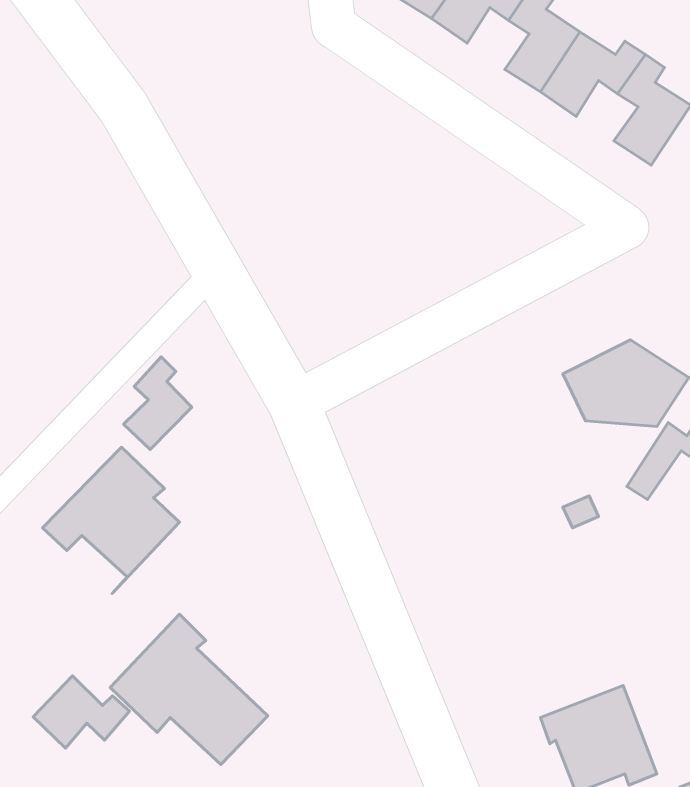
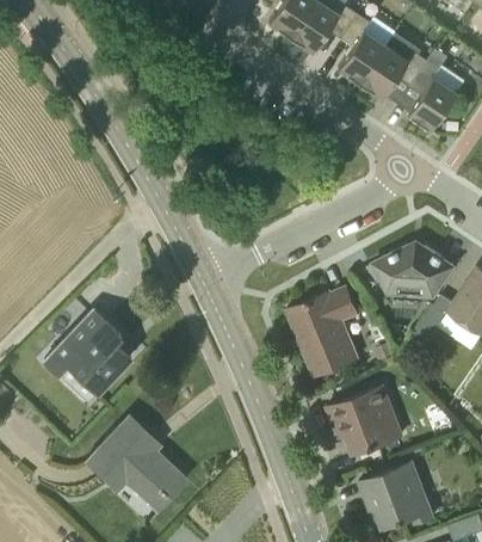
building: [124,357,192,449] -> none
building: none -> [288,288,359,377]
building: none -> [328,386,403,455]
building: [33,676,130,748] -> none

